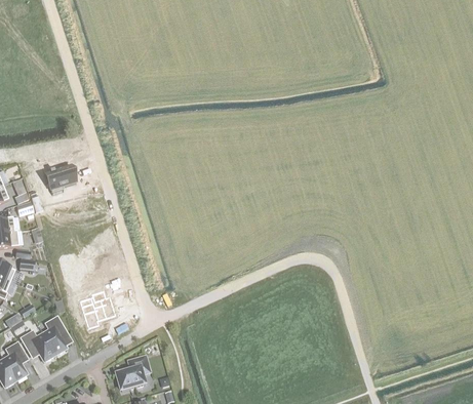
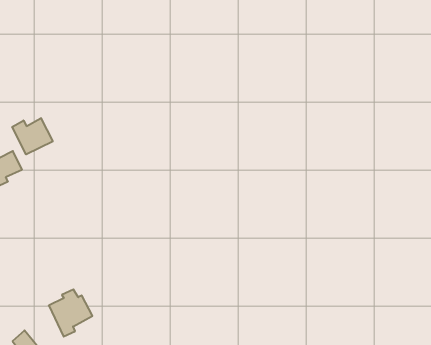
building: none -> [12,118,53,154]

